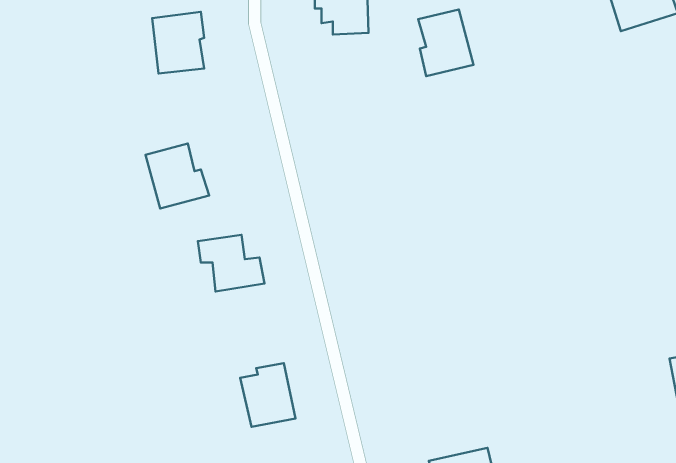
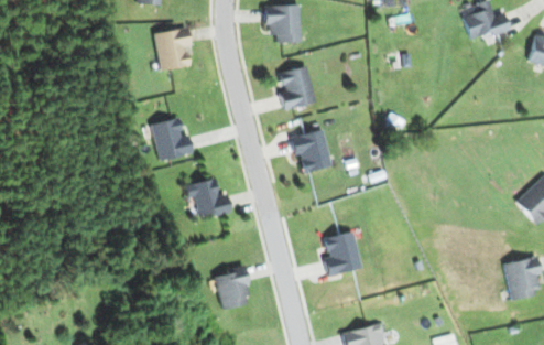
building: [418,9,473,76] -> [279,65,316,110]
building: none -> [290,129,333,172]
building: none -> [323,230,361,276]

